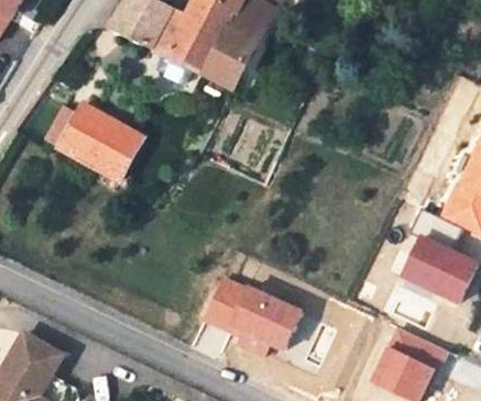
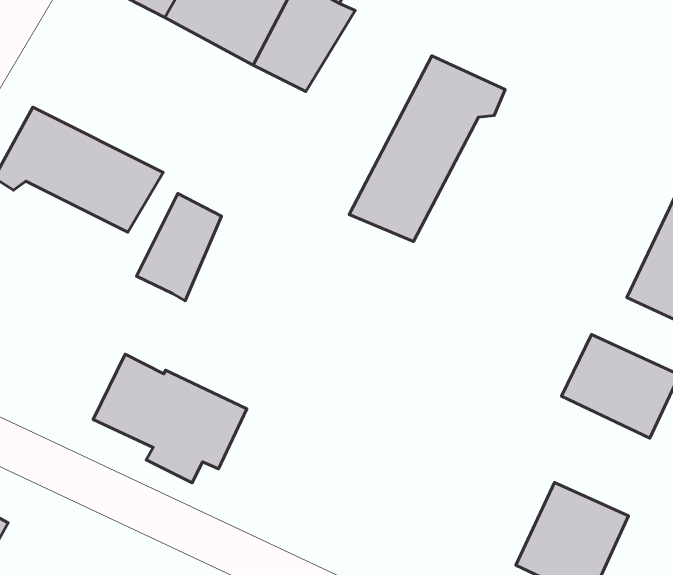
building: none -> [349,56,505,242]
building: none -> [136,193,222,301]
building: [203,278,298,358] -> [93,354,247,483]

